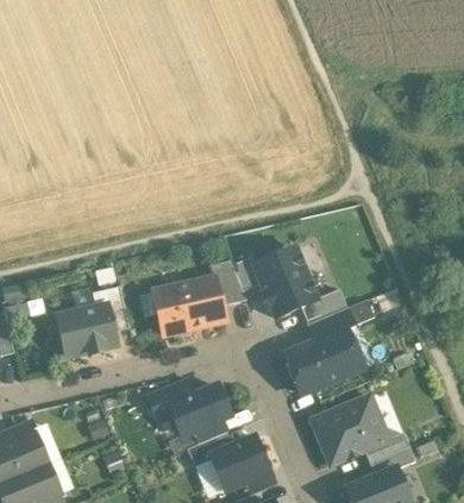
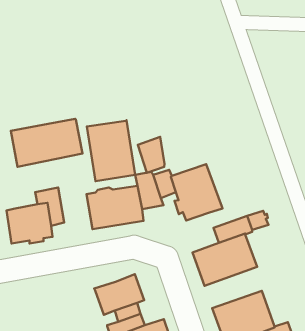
building: none -> [87,120,135,181]
building: none -> [11,119,82,167]
building: none -> [138,137,165,173]
building: [300,289,346,323] -> none
building: [146,379,193,414] -> none

